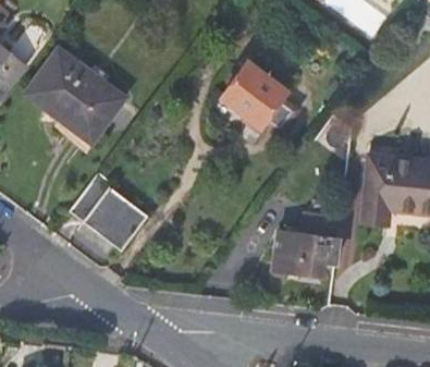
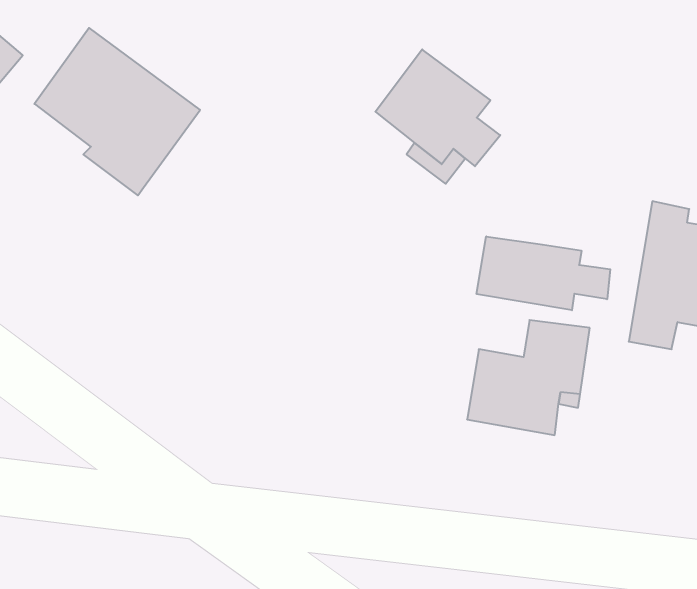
building: none -> [477,236,610,310]
building: [72,170,149,247] -> none

